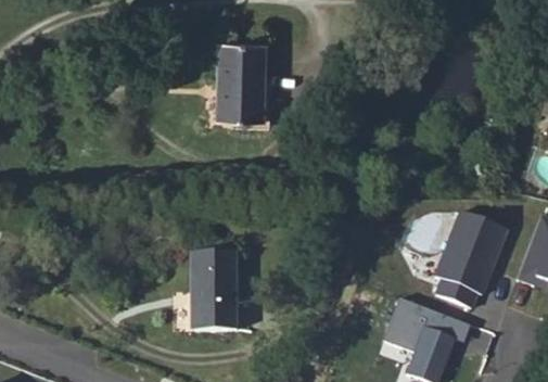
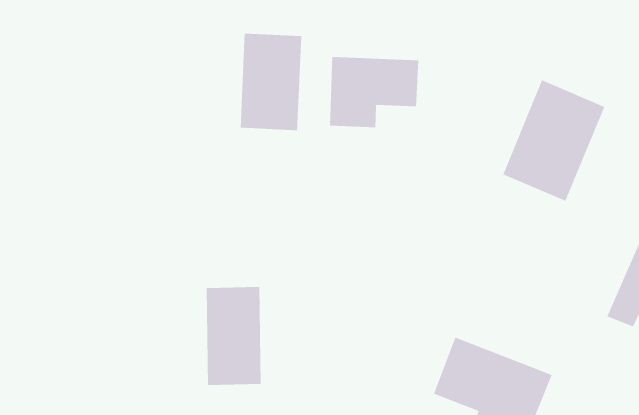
building: none -> [330,56,419,128]
building: [437,198,520,295] -> [502,80,605,202]

